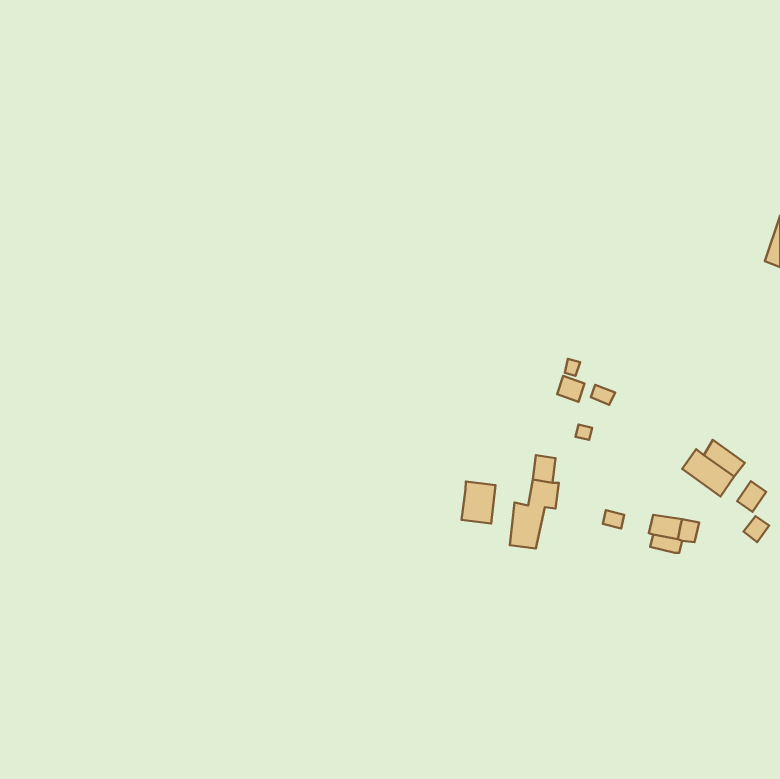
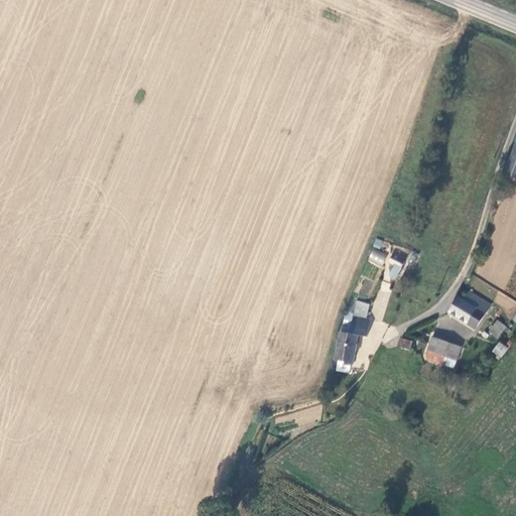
building: [461,481,496,524] -> none

